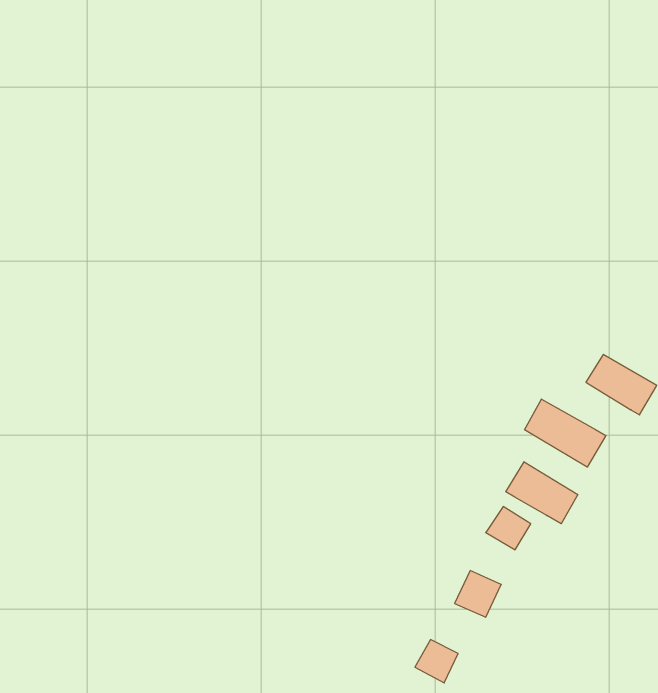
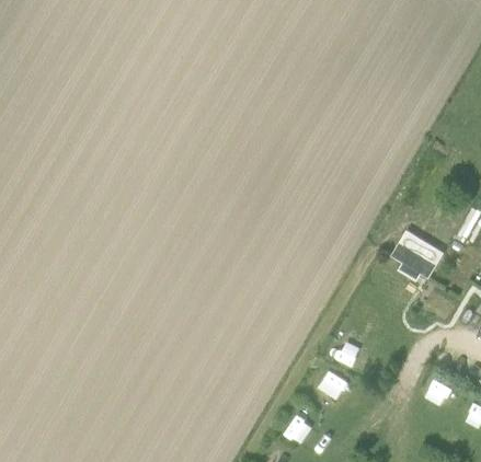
building: [525,399,606,467] -> none
building: [506,462,578,524] -> none

